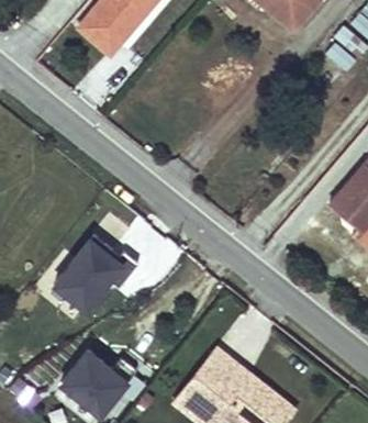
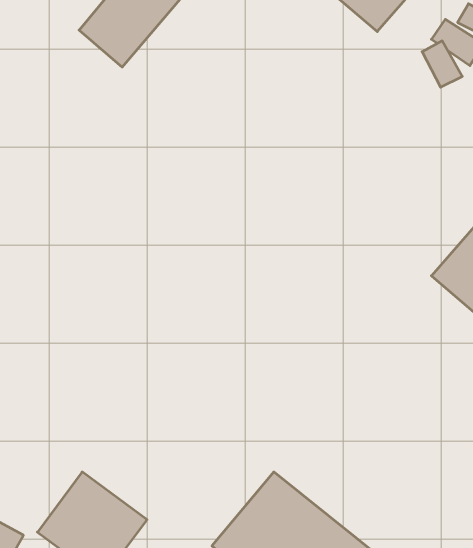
building: [49,229,130,315] -> none

